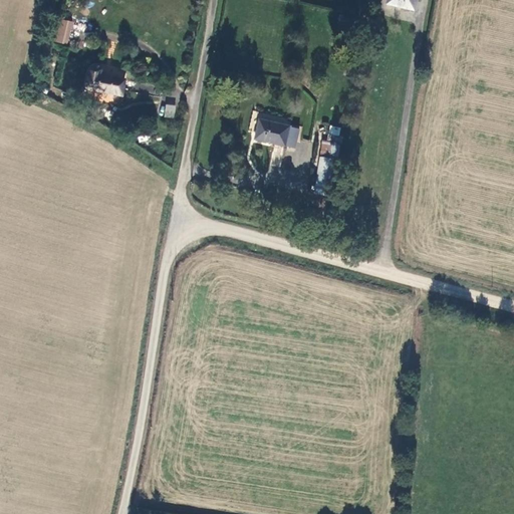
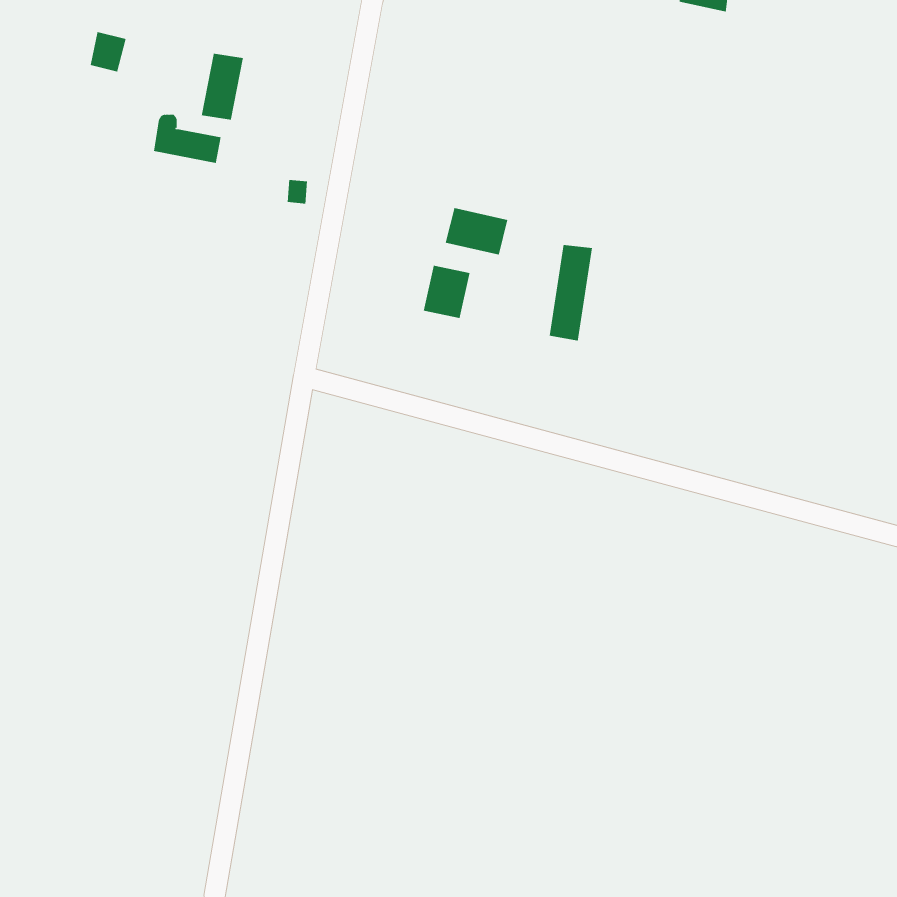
building: none -> [201,53,243,121]
building: none -> [423,265,470,319]

